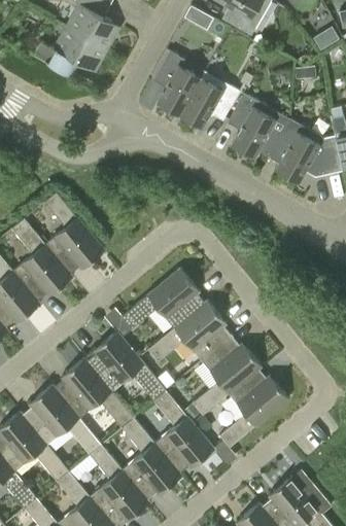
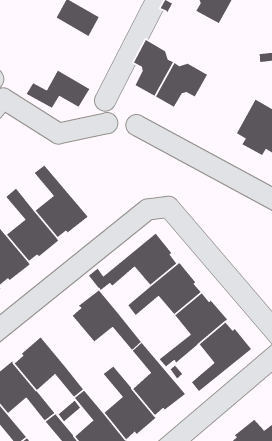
building: [32,28,105,72] -> [25,69,91,109]
building: [229,94,291,159] -> none
building: [54,358,133,427] -> none

